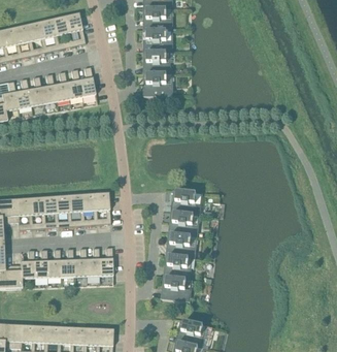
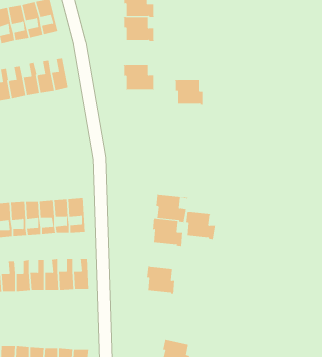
building: [143,52,173,74] -> [174,80,207,105]
building: [168,233,196,259] -> [185,211,216,240]
building: [161,276,191,301] -> none

